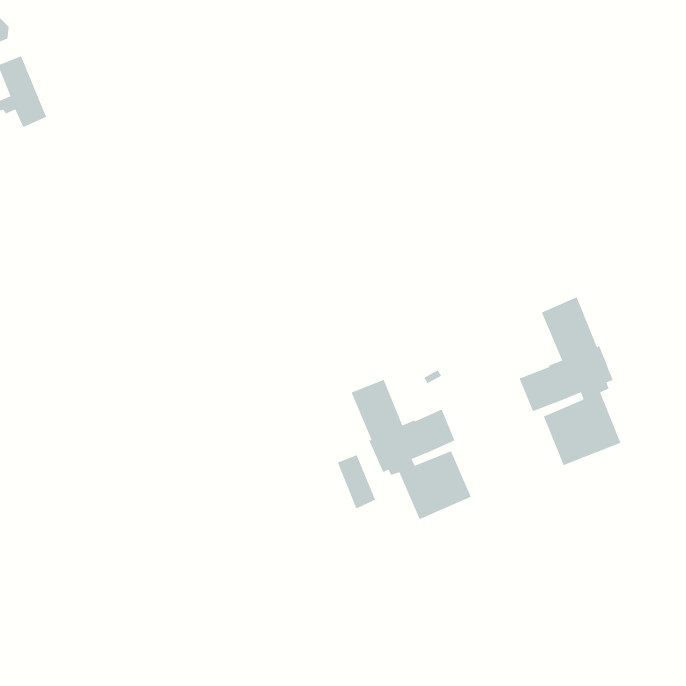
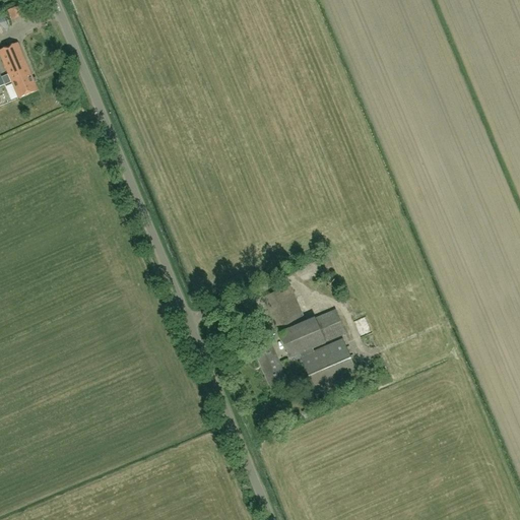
building: [518,296,621,466] -> none

